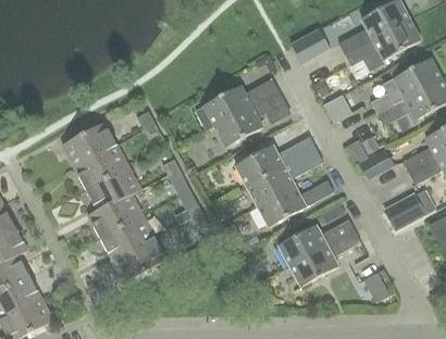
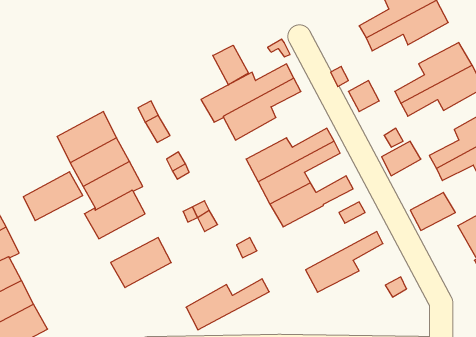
building: [290,28,330,63] -> none
building: none -> [213,45,248,85]
building: [100,214,154,259] -> [23,172,83,221]
building: [278,218,355,265] -> [186,279,269,330]

